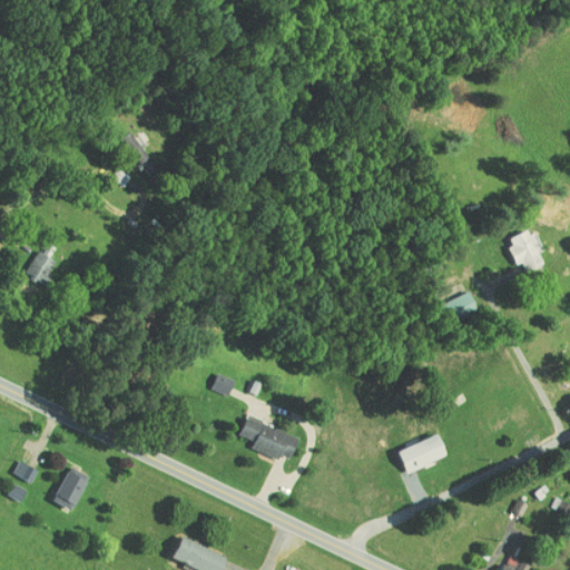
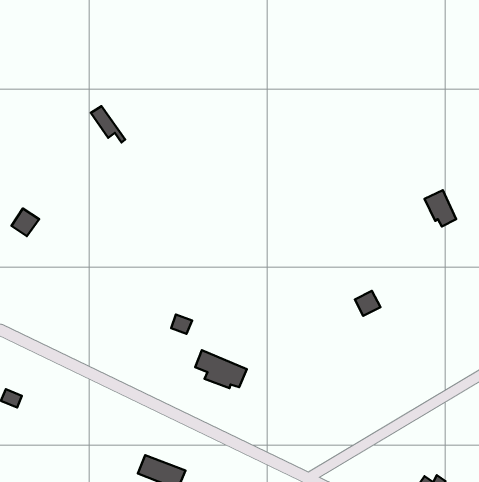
building: [448,291,478,320] -> [355,291,380,316]
building: [397,435,448,472] -> none
building: [52,466,88,510] -> none

